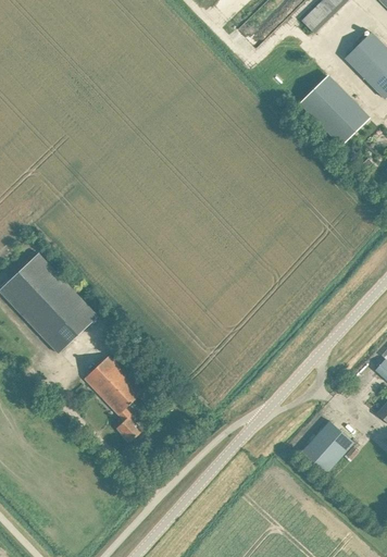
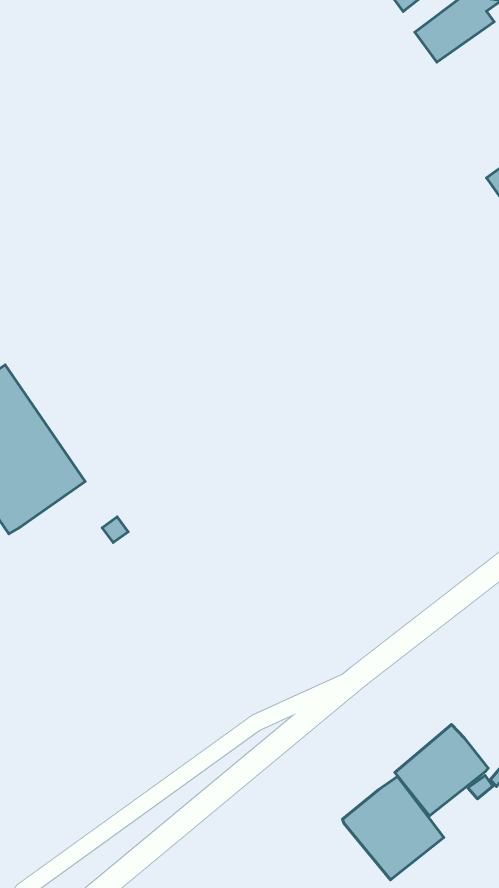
building: [84,355,142,442] -> none
building: none -> [342,776,444,880]

